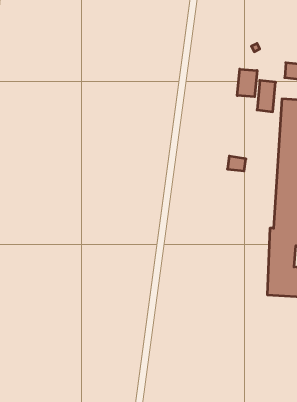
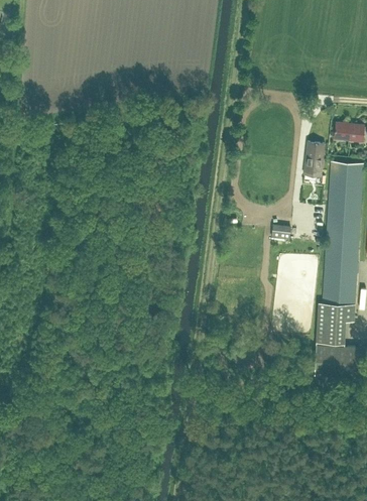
building: [237,69,257,97] -> none

